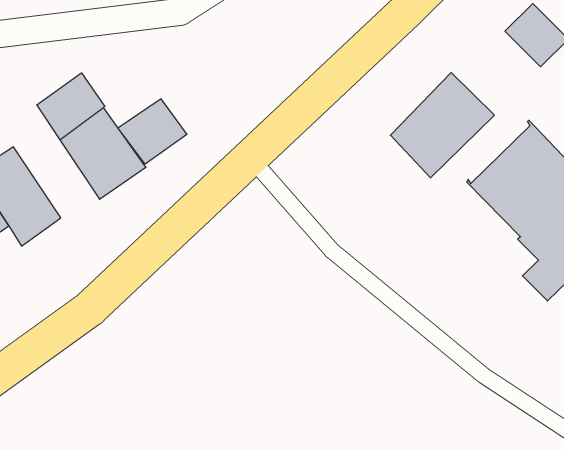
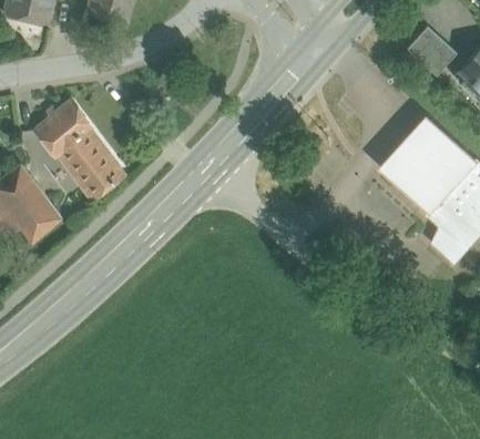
building: [390,73,494,178] -> none
building: [118,99,187,164] -> none

